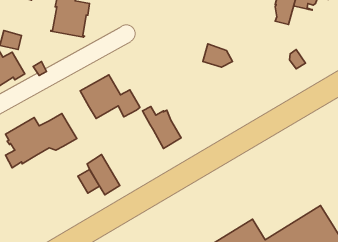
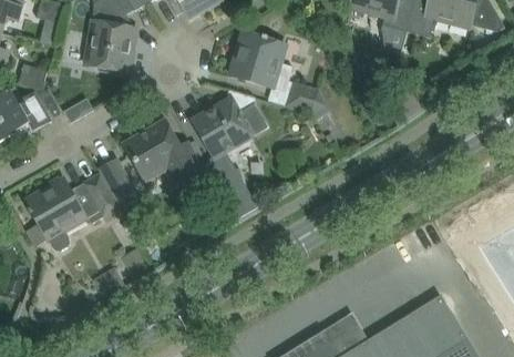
building: none -> [230,32,292,91]
building: none -> [193,98,264,156]
building: [87,154,120,195] -> [97,155,141,208]

